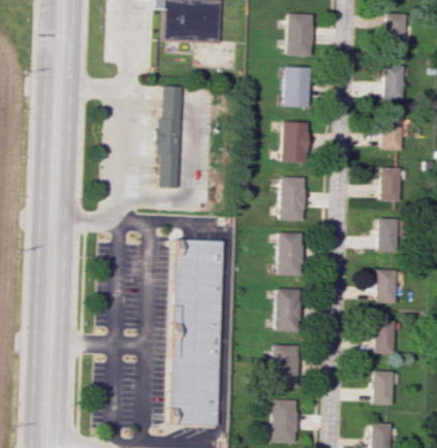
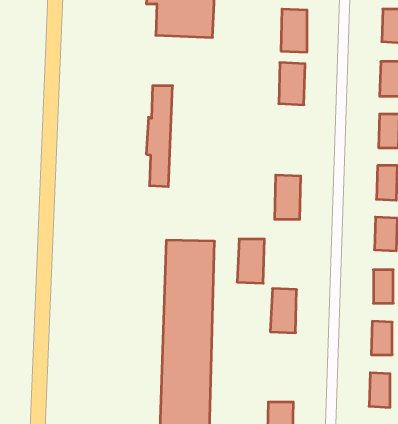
building: [282,122,308,161] -> none
building: [278,232,305,276] -> [237,239,264,283]
building: [274,345,300,386] -> none

